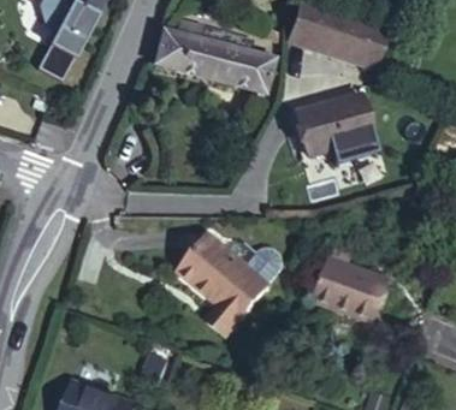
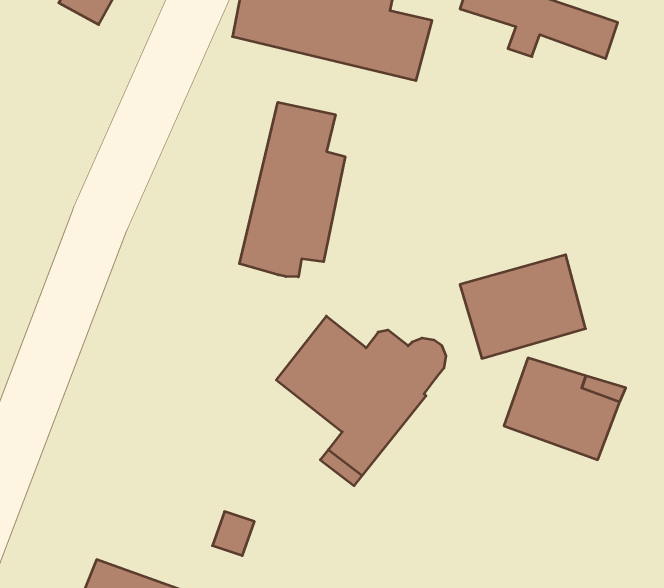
building: [296,93,372,155] -> [460,255,586,358]
building: none -> [239,102,345,277]

